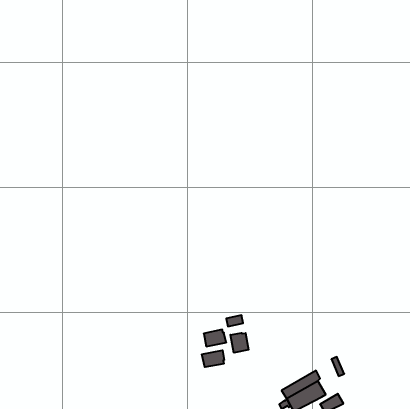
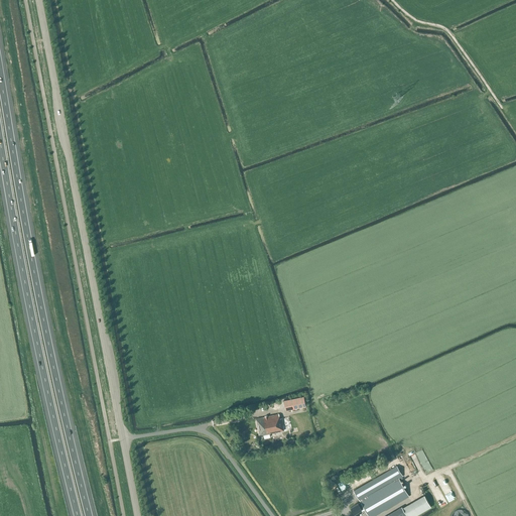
building: [230,333,249,353] -> none
building: [202,350,224,367] -> none

